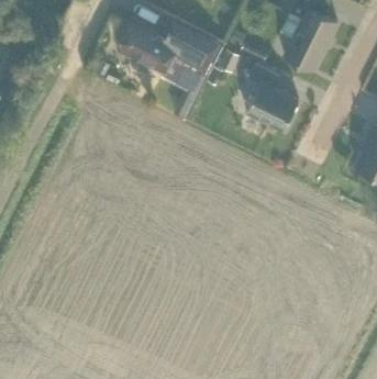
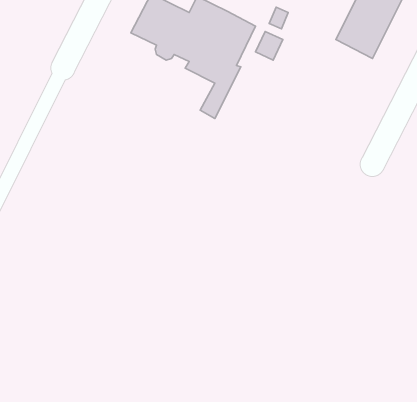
building: [245,60,298,129] -> none

